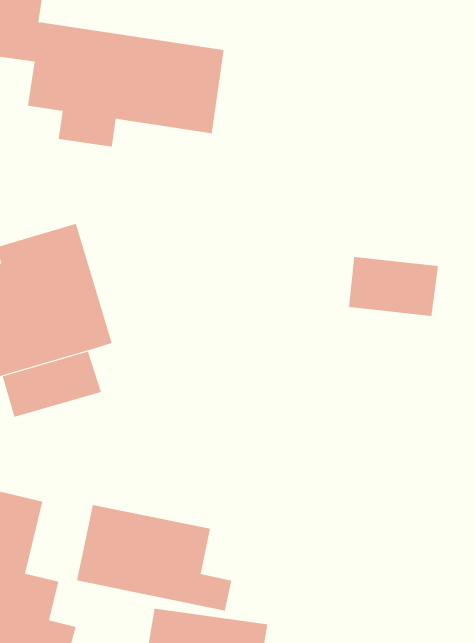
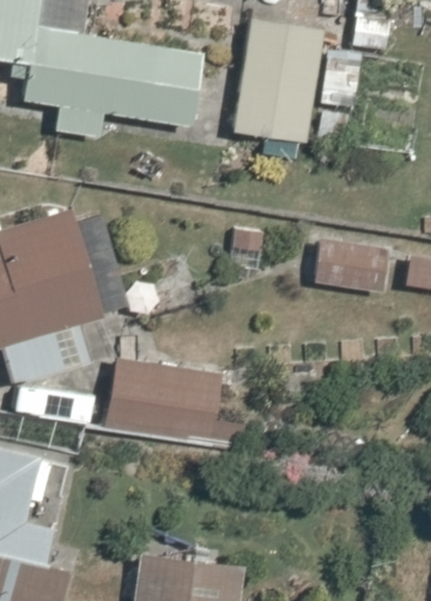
building: none -> [232,18,326,141]
building: [76,505,232,611] -> [103,357,243,453]

